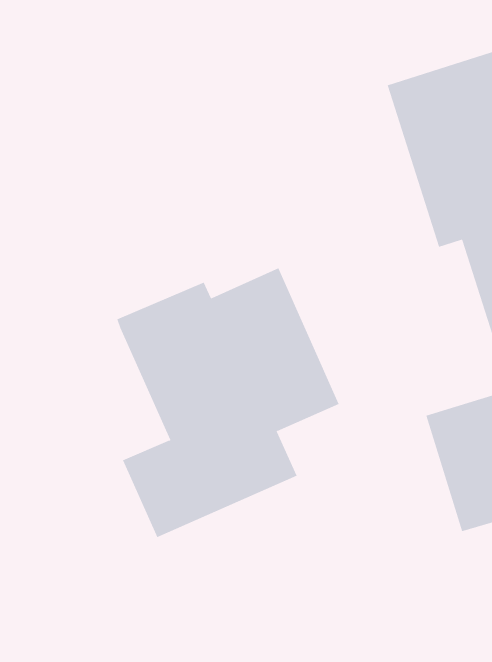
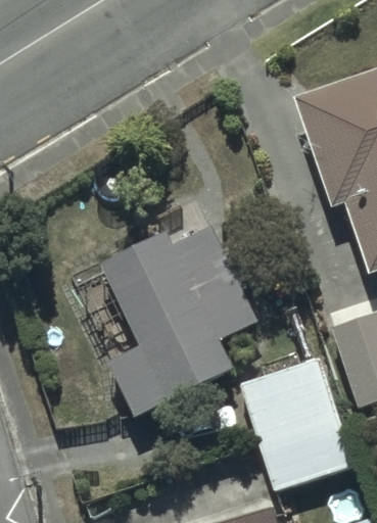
building: none -> [238,360,350,493]

